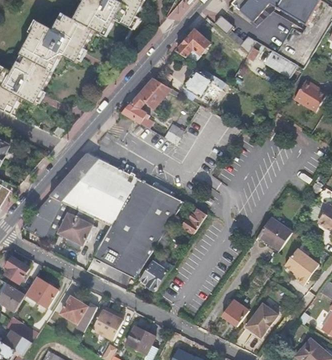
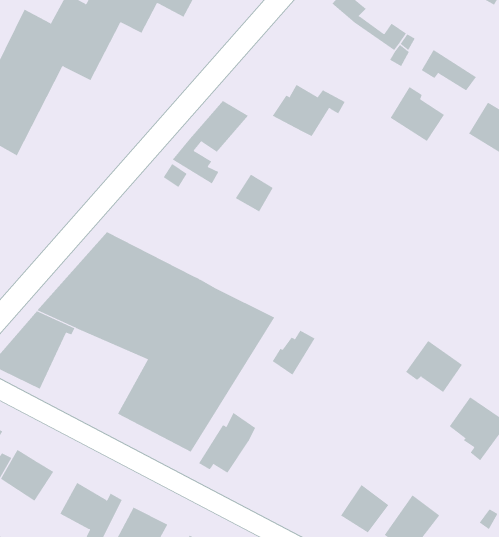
building: [176,28,211,61] -> none
building: none -> [390,86,445,142]
building: [55,211,92,248] -> none

